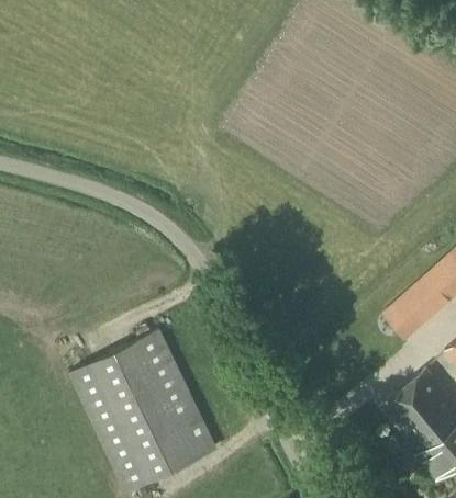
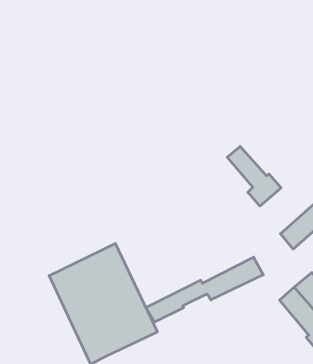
building: none -> [227,146,281,206]
building: none -> [146,257,263,322]

